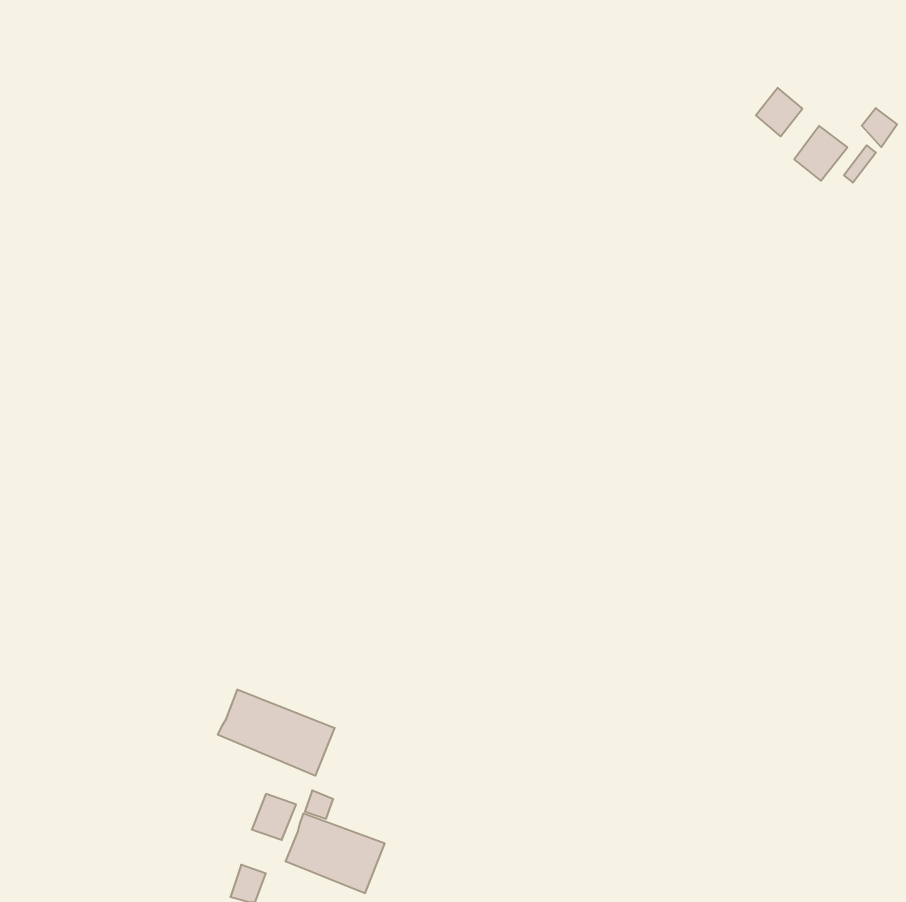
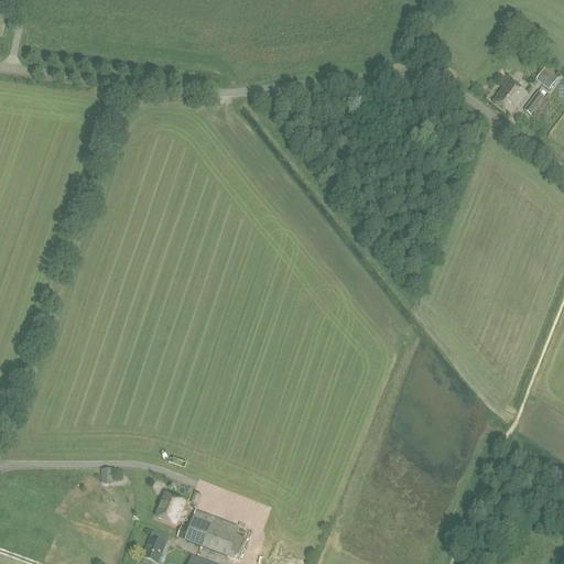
building: [756,88,802,136] -> none
building: [218,689,335,776] -> none

